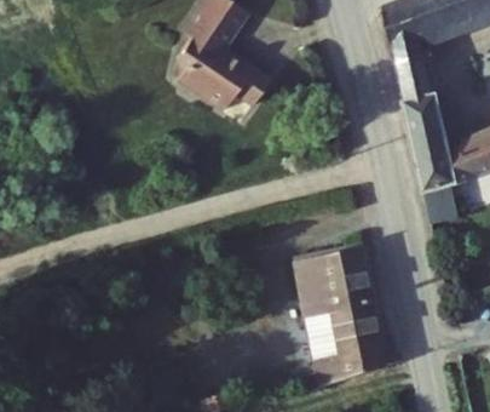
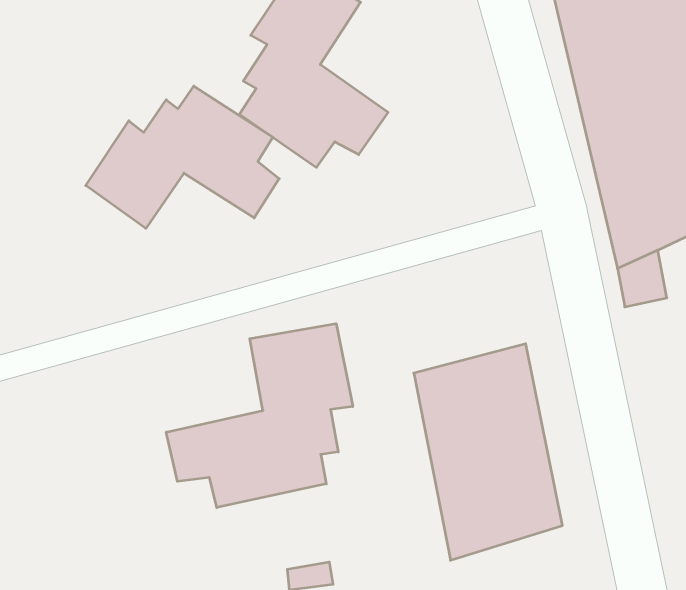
building: none -> [86,86,279,228]
building: none -> [166,324,353,508]

